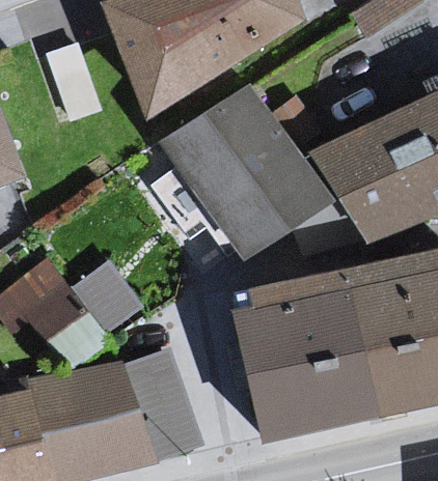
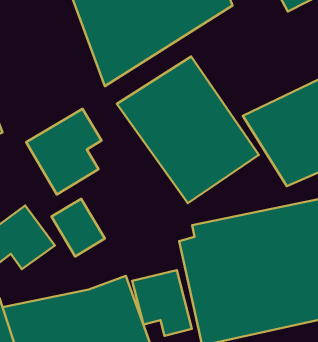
building: none -> [26,109,102,195]
building: none -> [132,270,192,336]

